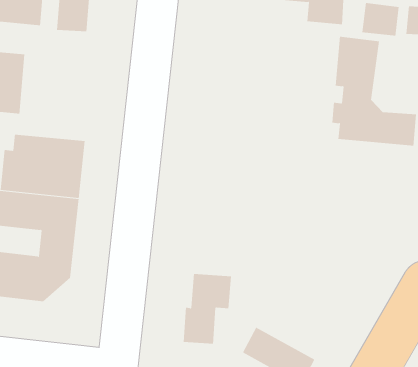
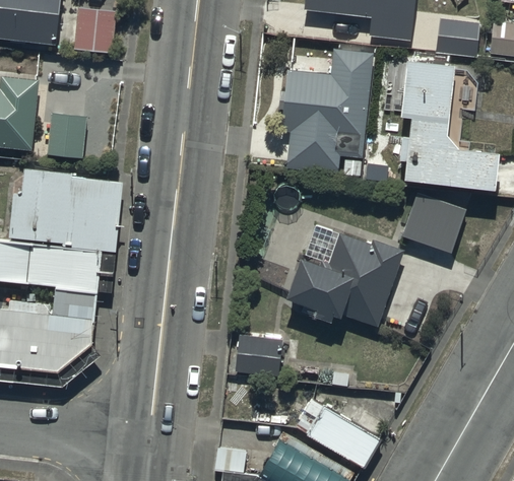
building: none -> [279,49,372,173]
building: none -> [47,112,84,158]
building: none -> [400,194,464,252]
building: none -> [288,228,402,325]

